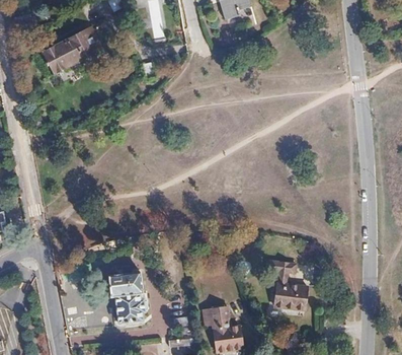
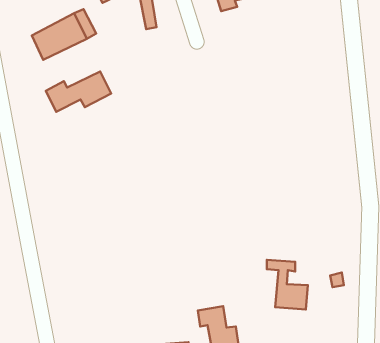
building: none -> [46,72,111,112]
building: [108,273,148,325] -> none

